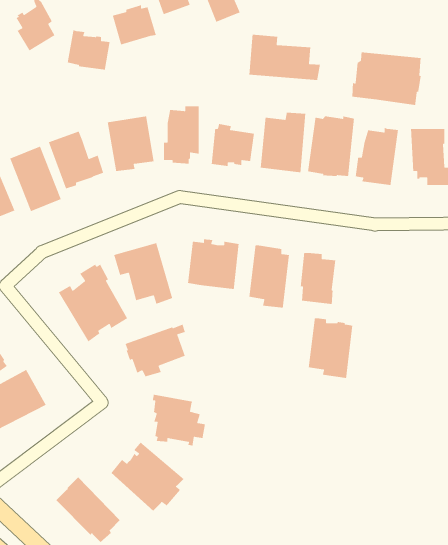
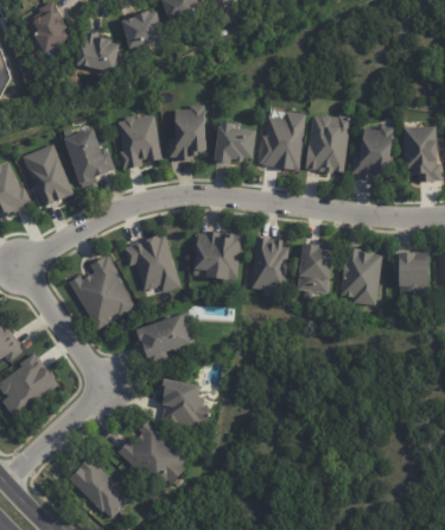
building: [249,34,321,81] -> none
building: [352,51,422,106] -> none
building: none -> [396,252,428,298]
building: [308,318,353,379] -> [341,247,383,305]

